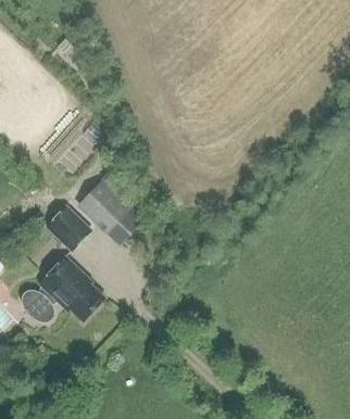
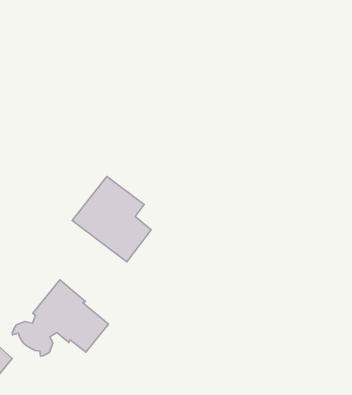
building: [42,206,90,254] -> none

